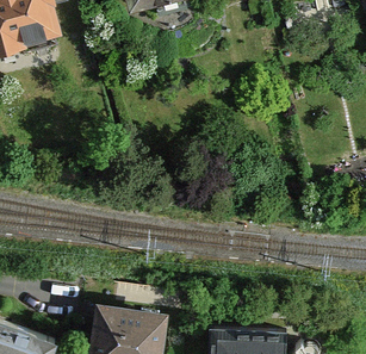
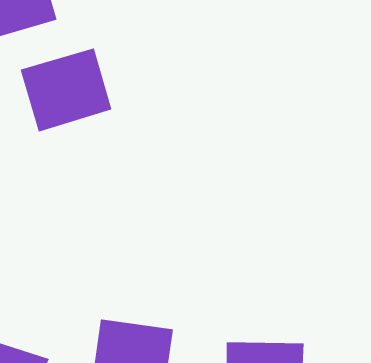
building: none -> [20,48,112,132]

